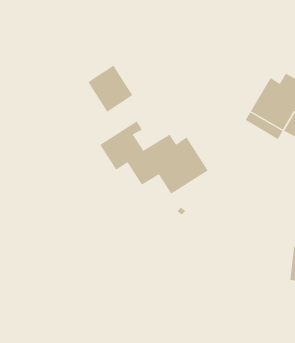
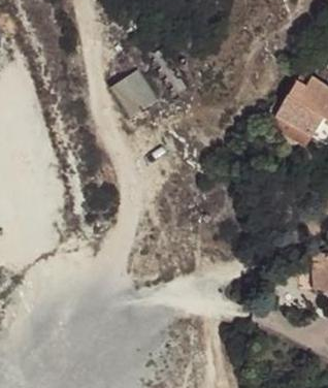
building: [99,121,209,194] -> none

